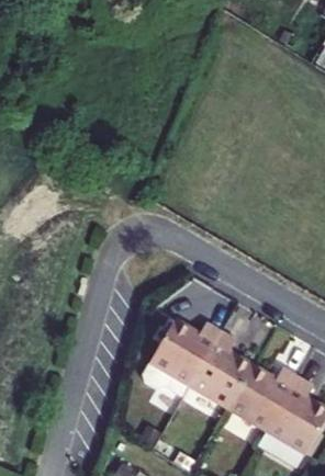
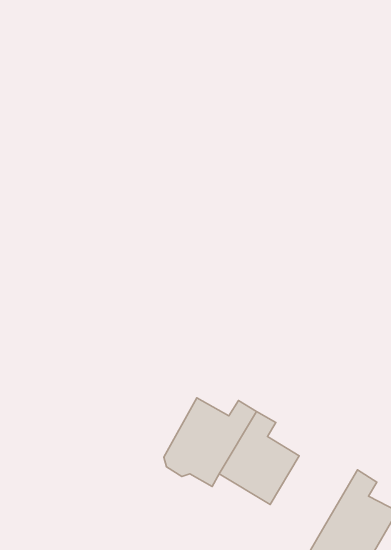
building: [227,371,296,432] -> none

